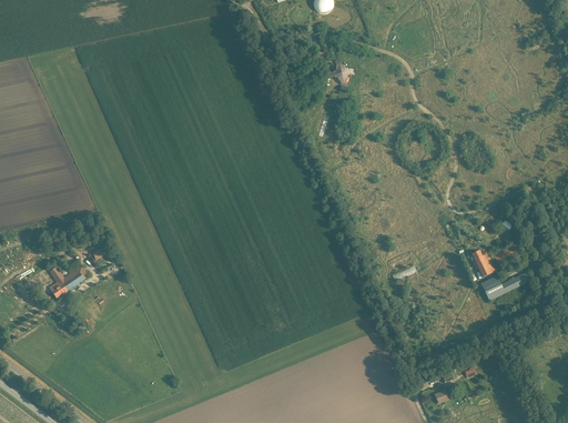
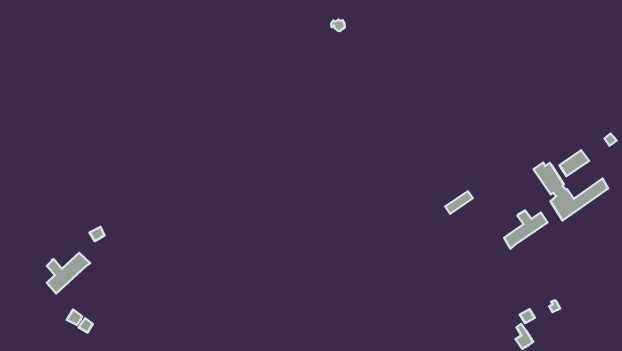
building: none -> [504,210,548,249]

